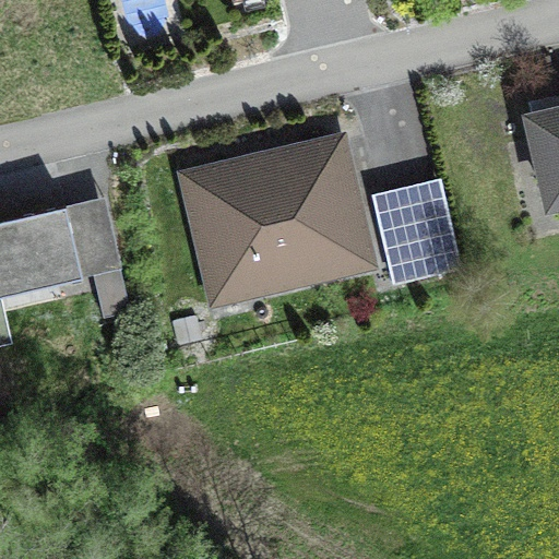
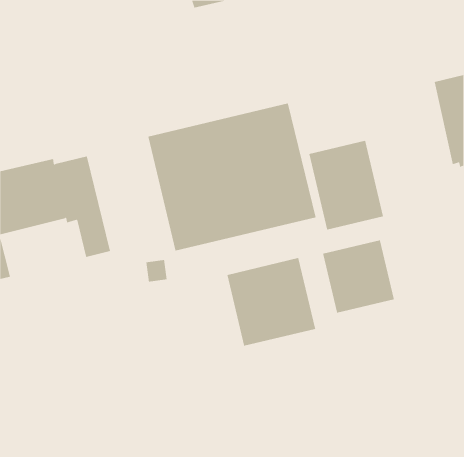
building: none -> [323,239,395,314]
building: none -> [227,257,316,347]

